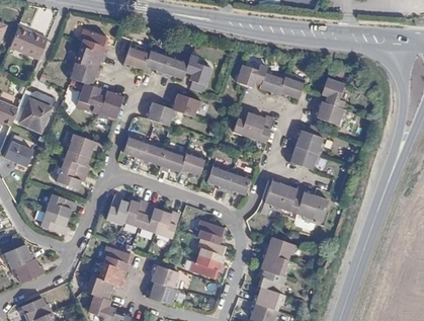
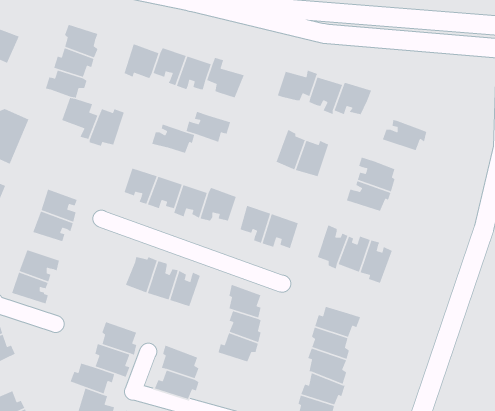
building: [321,75,343,106] -> none
building: [66,134,98,158] -> none
building: [108,195,132,225] -> none

